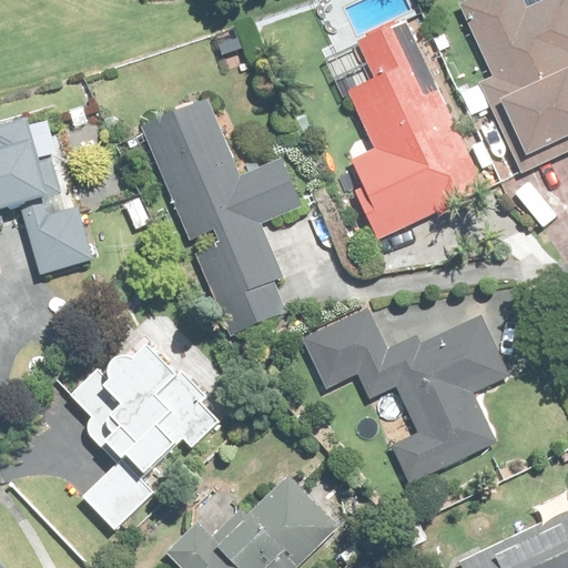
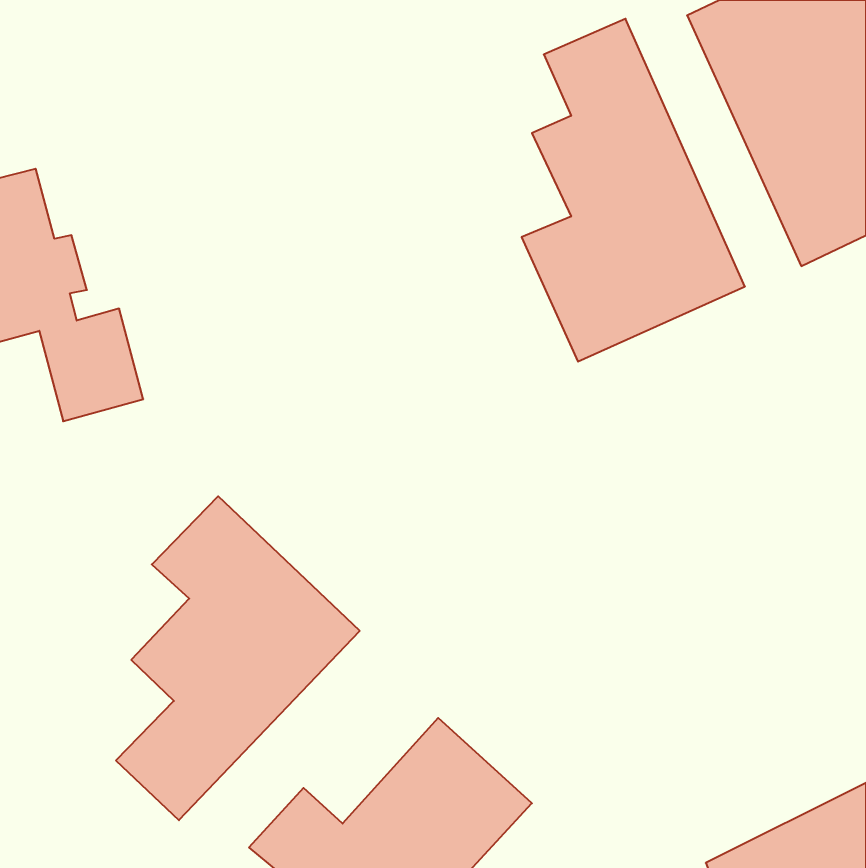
building: [143,99,304,338] -> none
building: [303,306,513,480] -> none

